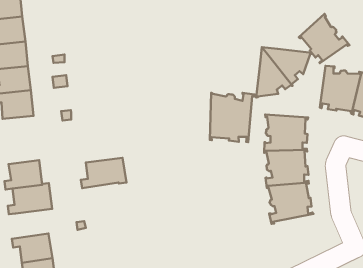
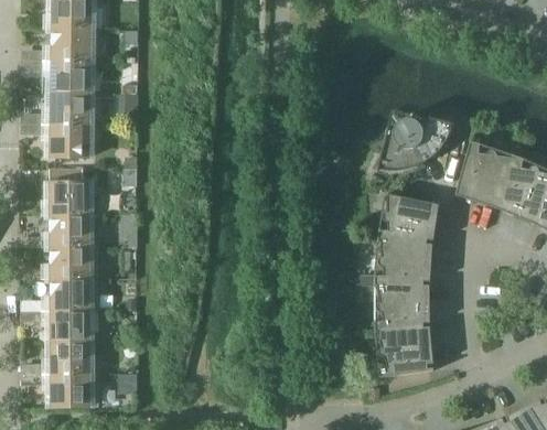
building: [299,14,349,63] -> none
building: [210,93,255,142] -> none
building: none -> [51,168,104,214]
building: [81,158,126,188] -> [43,278,100,310]
building: none -> [378,327,435,377]

